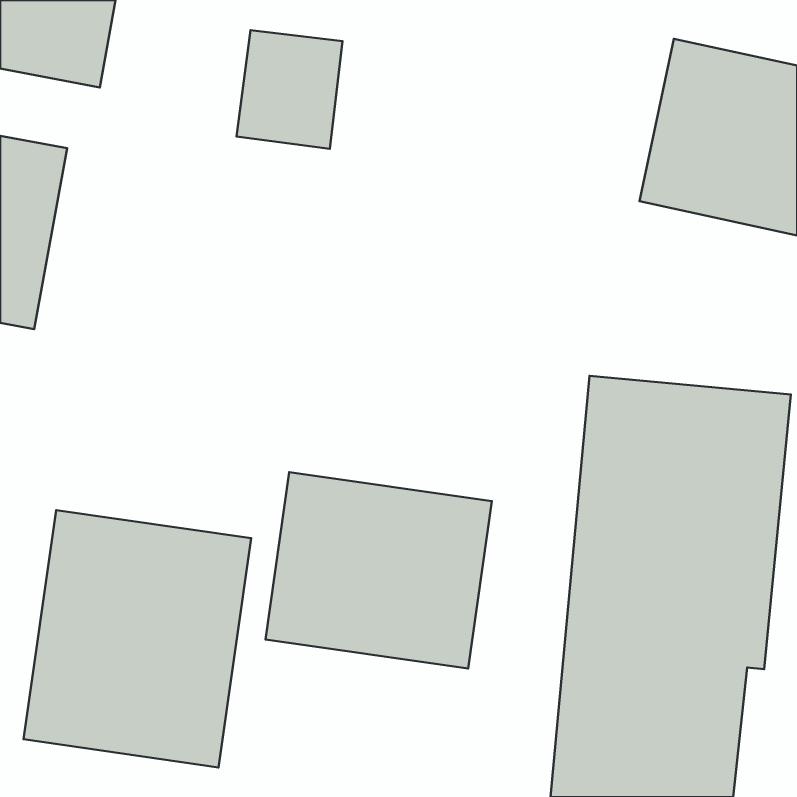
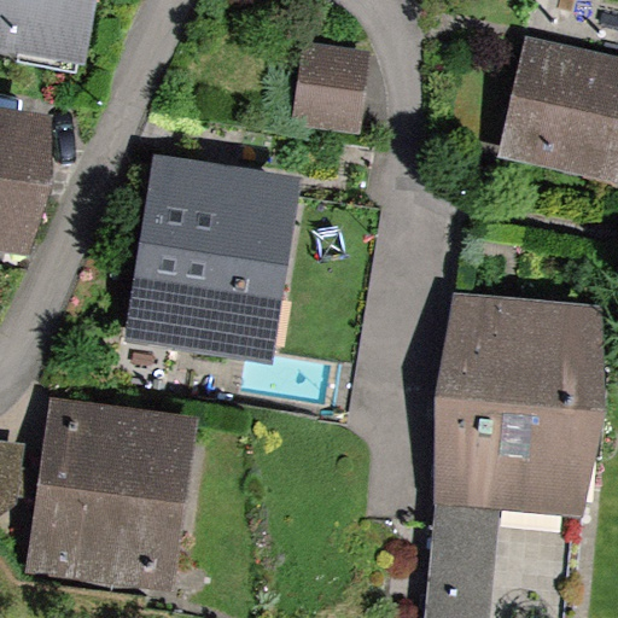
building: [236,30,342,149] -> [292,41,374,133]
building: none -> [118,156,302,367]
building: [266,472,492,668] -> none

